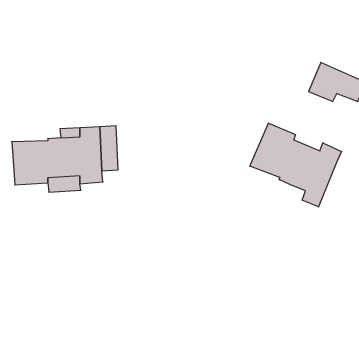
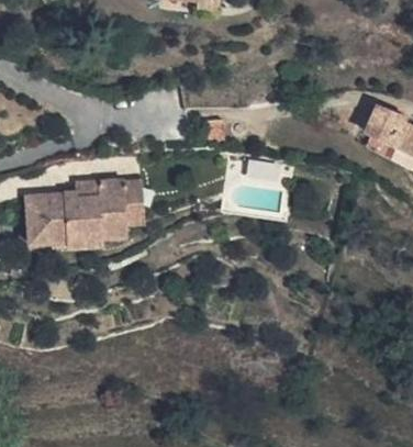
building: [250,123,342,207] -> none

